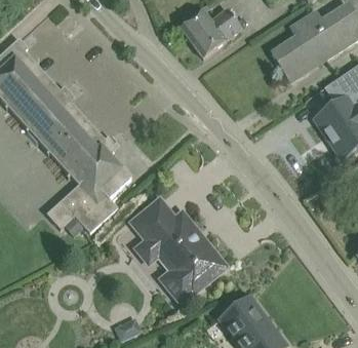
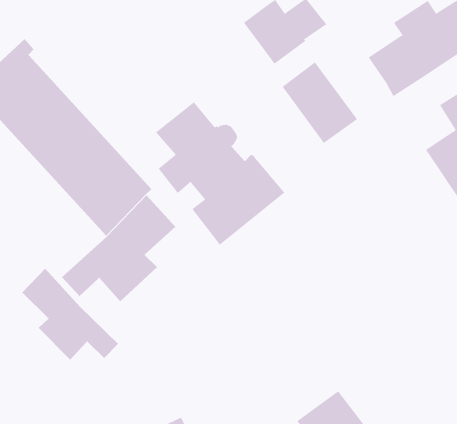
building: none -> [282,62,358,144]
building: [131,199,227,305] -> [155,102,285,246]
building: none -> [21,268,119,360]

